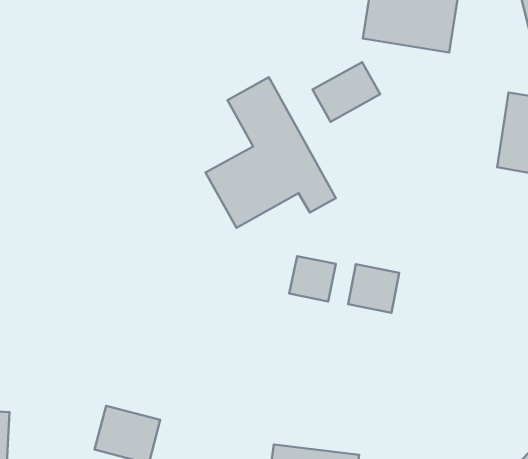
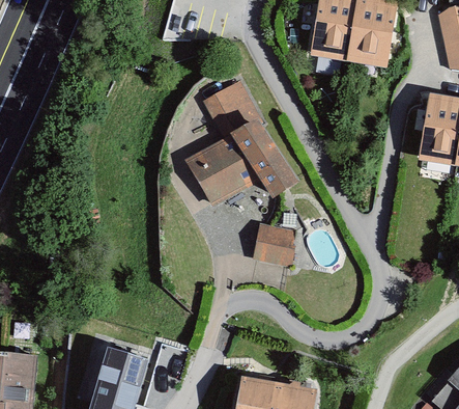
building: [312,62,380,122] -> none
building: [348,264,399,313] -> none

